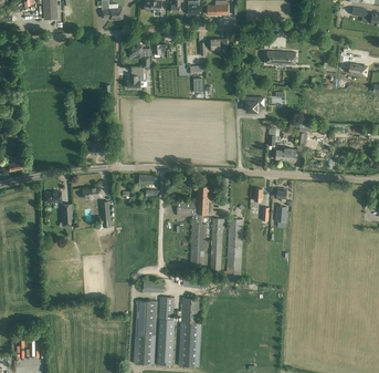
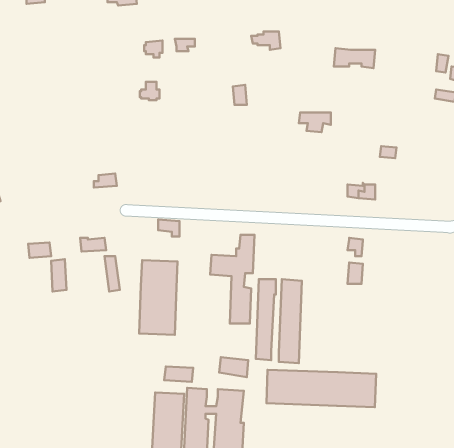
building: none -> [139,260,178,335]
building: none -> [266,370,376,407]

